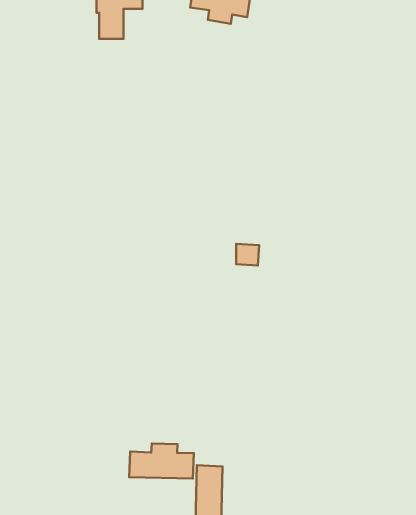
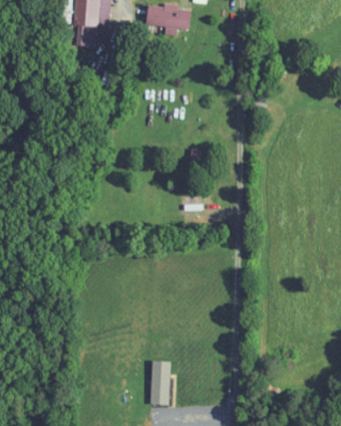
building: [129,444,194,479] -> none

